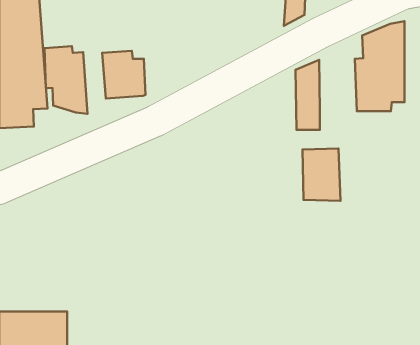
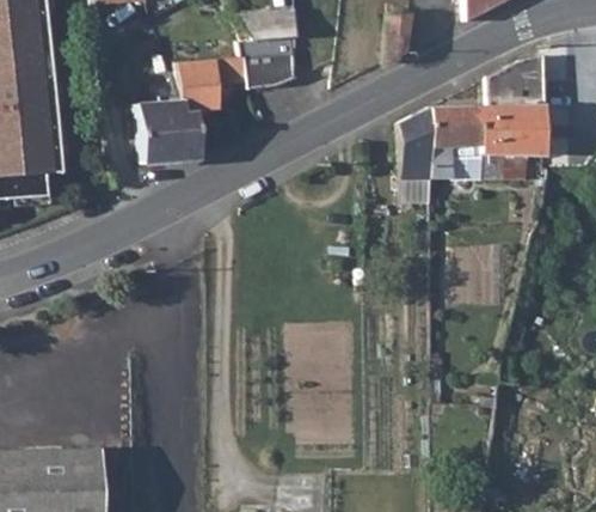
building: none -> [176,37,291,158]
building: [44,46,88,114] -> none
building: [303,149,340,201] -> [426,110,477,179]

